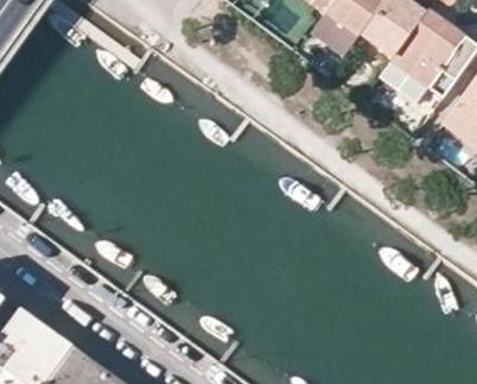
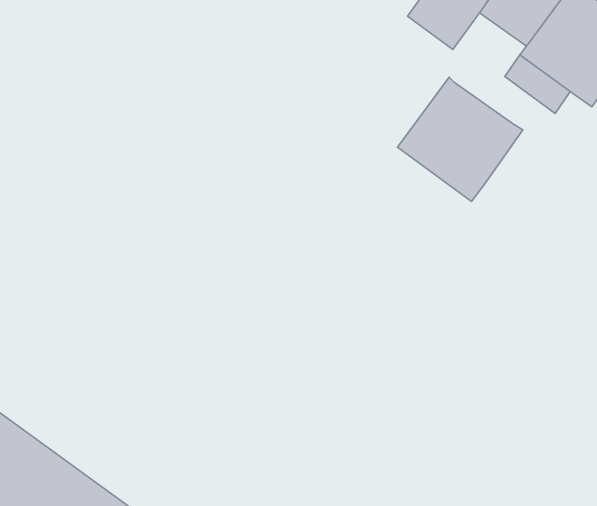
building: none -> [397,77,523,202]

